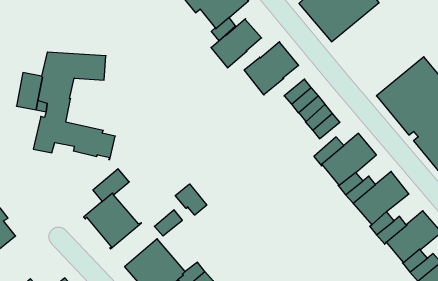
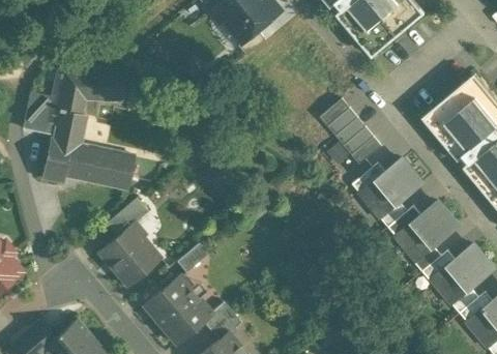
building: [211,19,262,68] -> none
building: [244,42,299,95] -> none
building: [175,184,207,215] -> none

